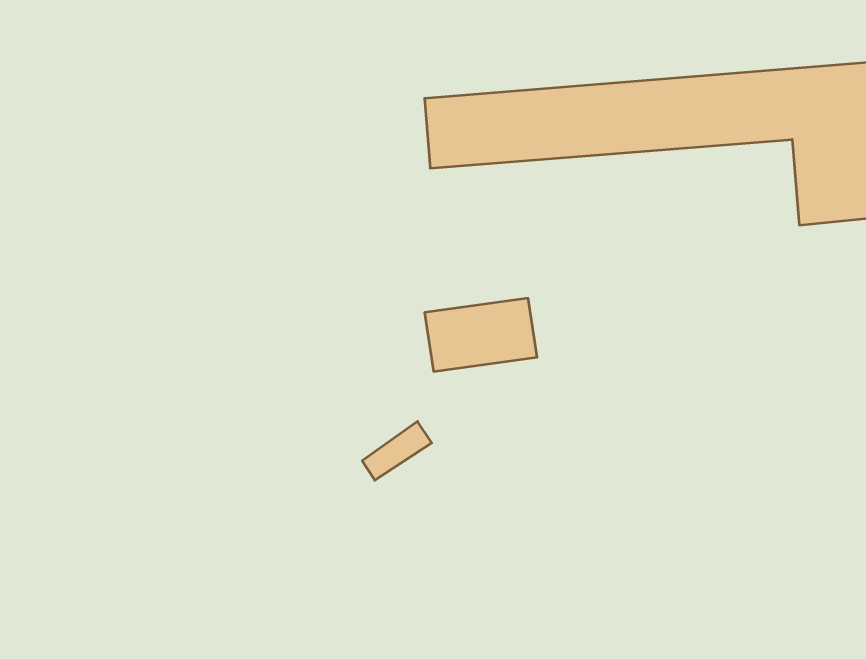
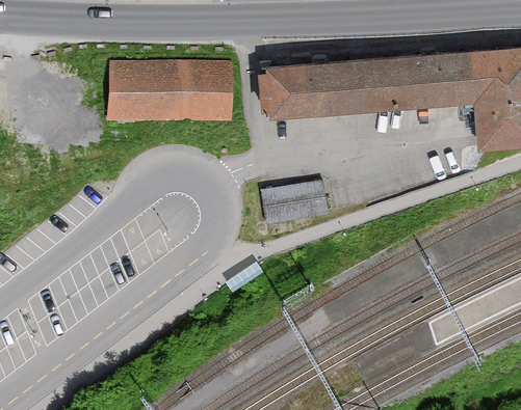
building: none -> [106,63,231,122]

